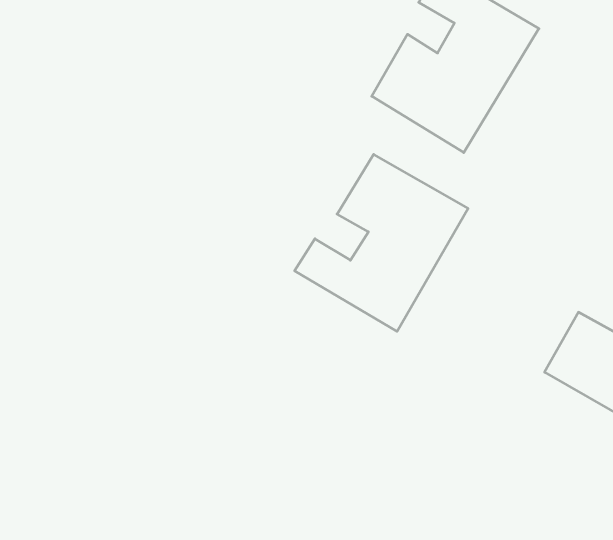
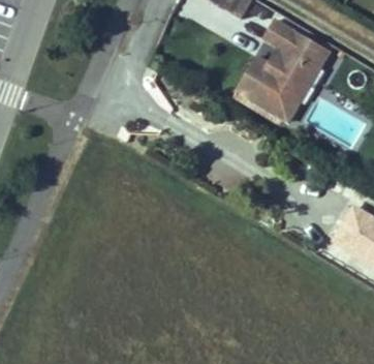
building: [295,154,468,331] -> none

